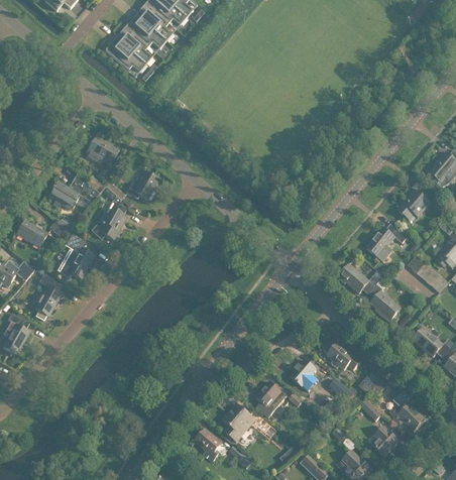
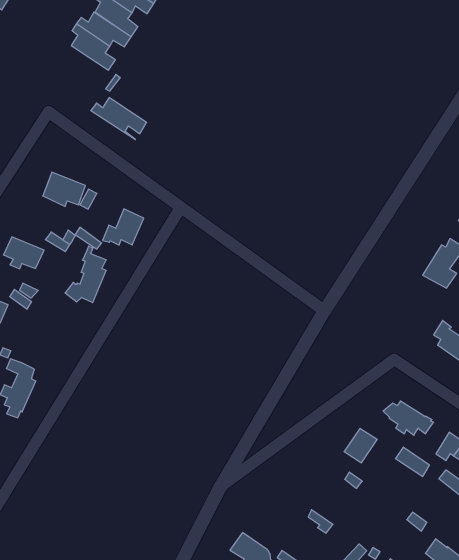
building: [104,41,145,76] -> [91,98,147,140]
building: [60,234,94,278] -> none
building: [338,264,383,294] -> none
building: [254,380,286,416] -> none
building: [222,403,254,440] -> none

